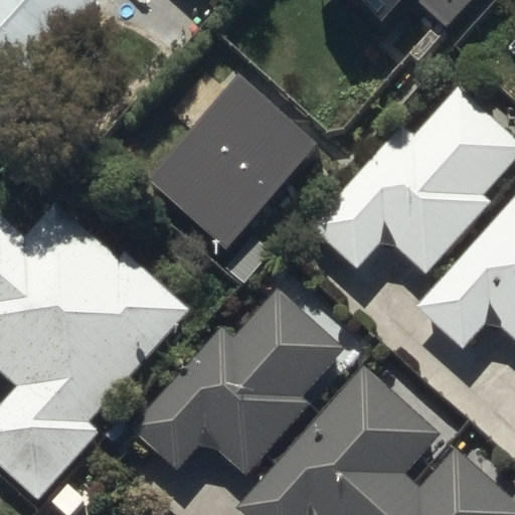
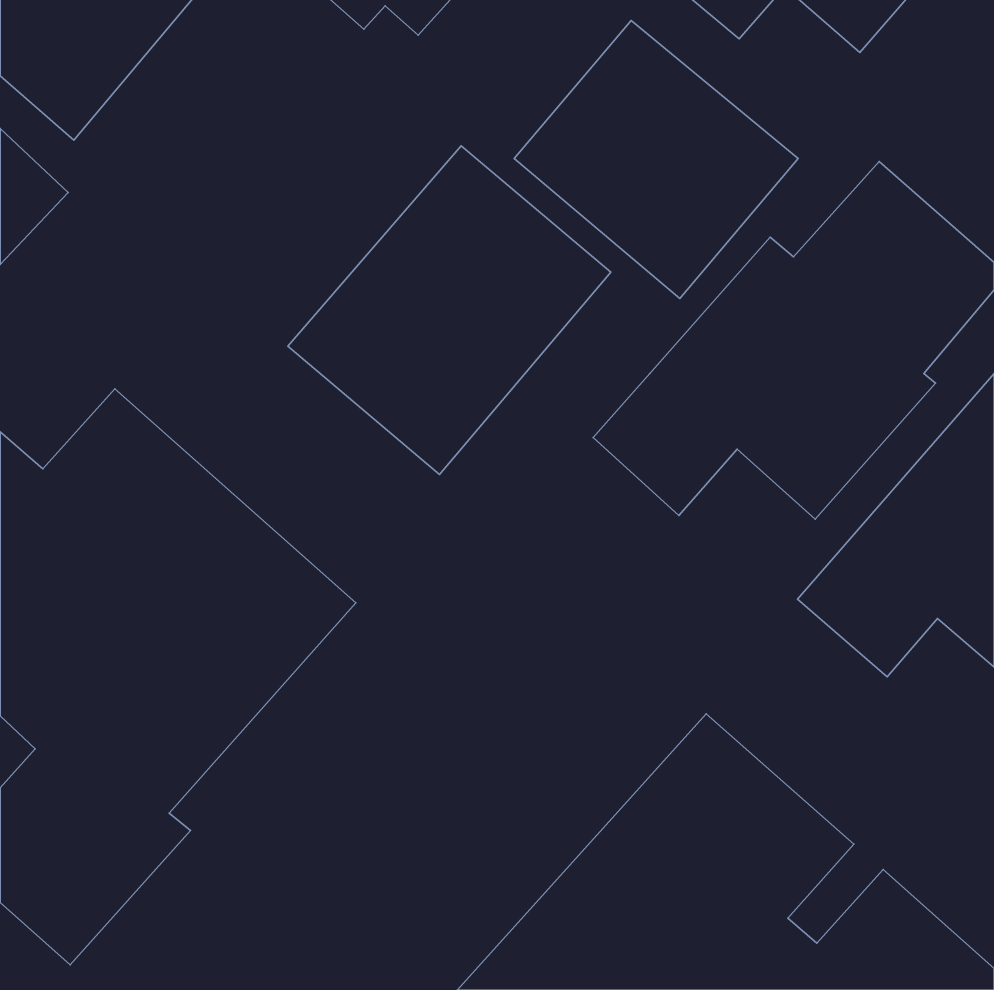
building: none -> [514,21,798,298]
building: [133,291,348,476] -> none

